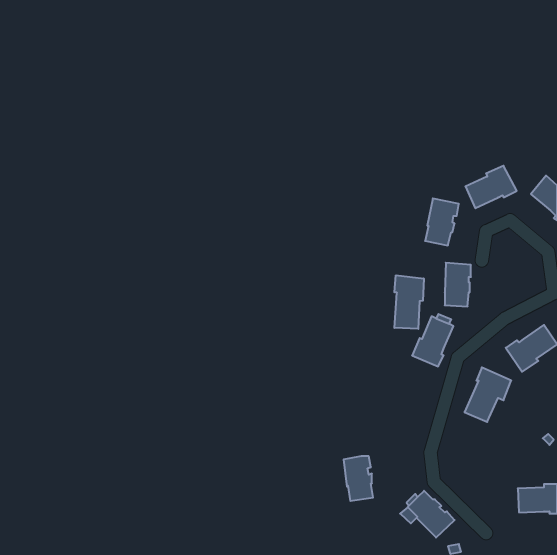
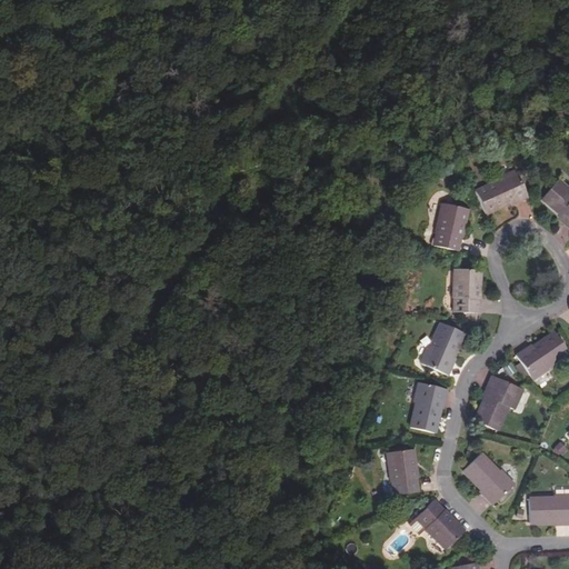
building: [394,275,424,329] -> none
building: none -> [410,382,447,432]
building: none -> [462,452,515,503]
building: [344,456,373,501] -> [387,449,417,495]

